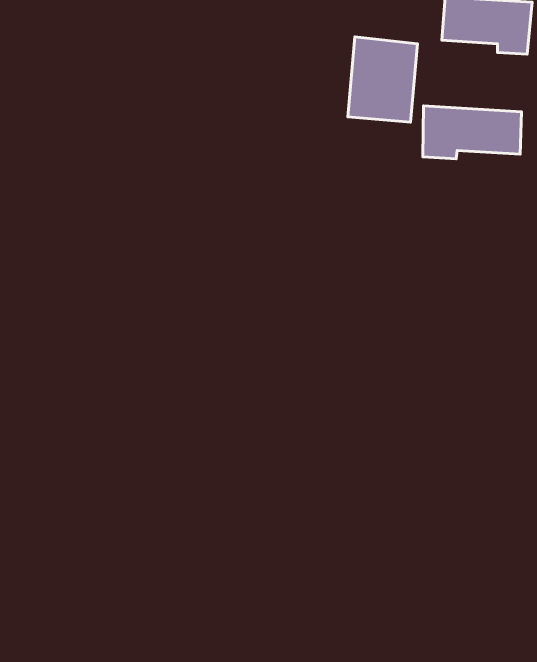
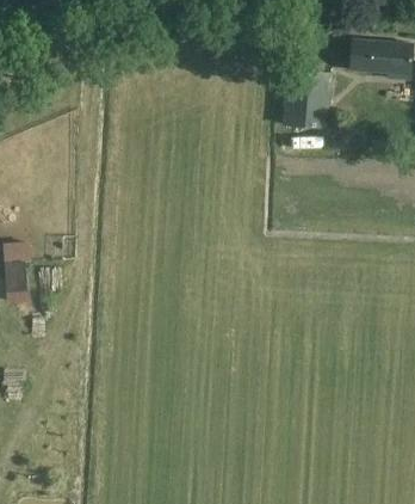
building: [423,106,522,159] -> none

